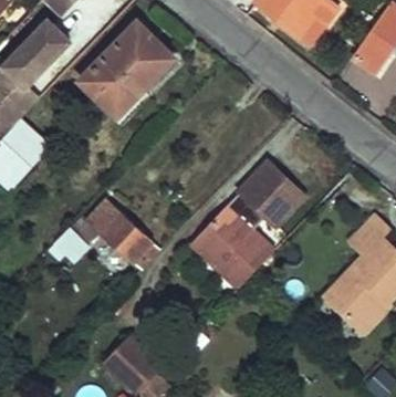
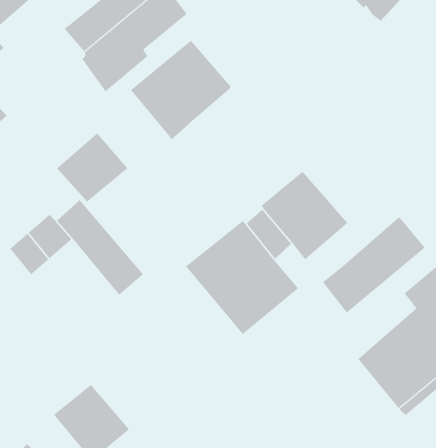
building: none -> [130,40,231,140]
building: none -> [56,133,128,203]
building: none -> [322,216,426,313]

